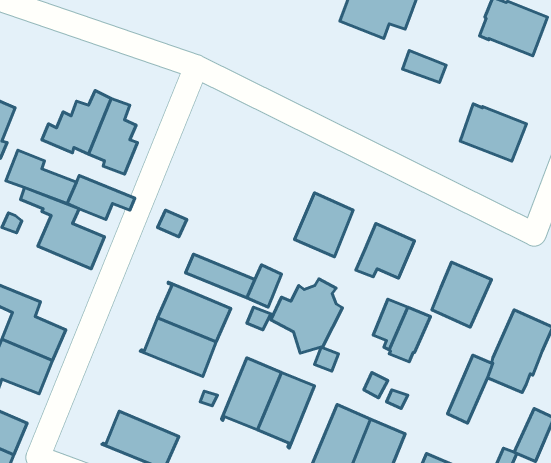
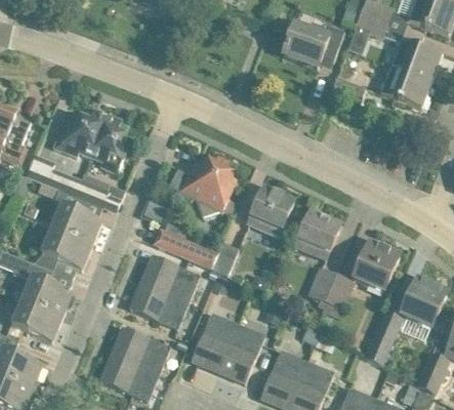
building: [460,104,527,161] -> [380,66,431,110]
building: none -> [40,228,91,270]
building: [271,279,343,353] -> [179,159,235,216]
building: none -> [113,328,169,374]

